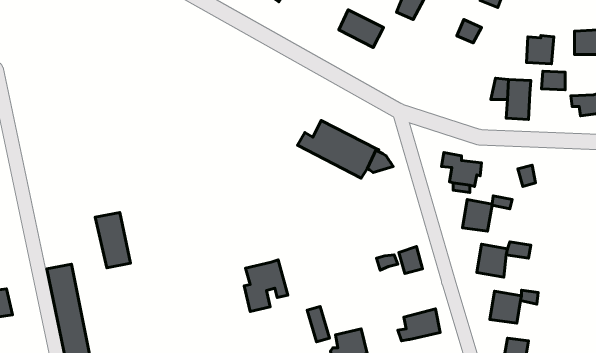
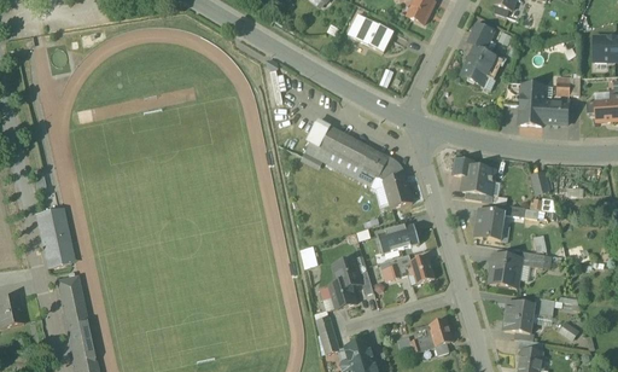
building: [527,36,554,64] -> [543,95,571,124]
building: none -> [462,43,503,82]
building: none -> [384,172,413,205]
building: [95,213,131,268] -> [35,208,71,265]
building: none -> [374,220,416,250]
building: [244,260,288,312] -> [330,255,374,308]

